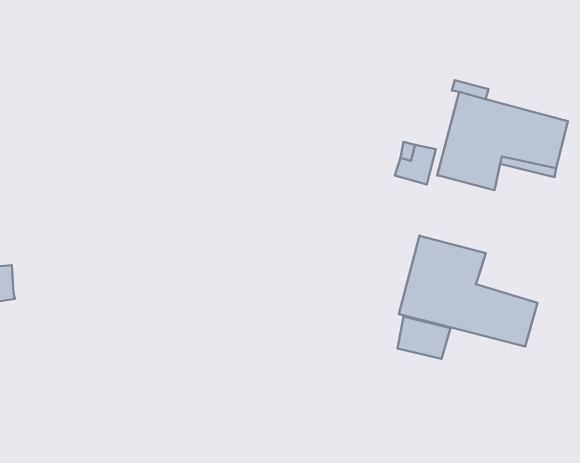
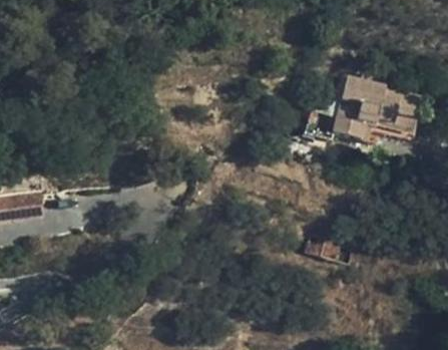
building: [399,235,537,347] -> none

